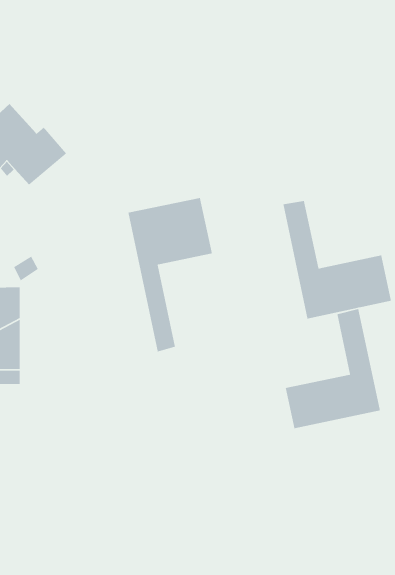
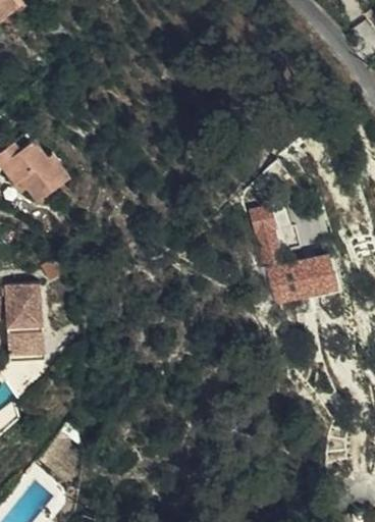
building: [127,197,213,352] -> none
building: [285,308,381,429] -> none

